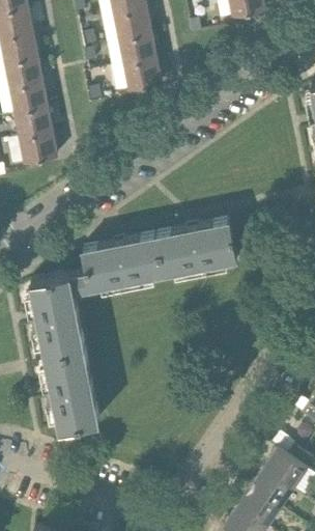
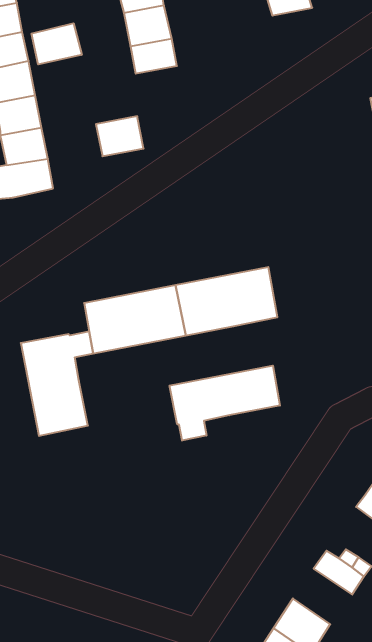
building: none -> [32,23,82,64]
building: [122,61,161,93] -> [96,116,144,156]
building: none -> [170,366,280,441]
building: [45,351,98,432] -> none
building: [249,466,296,510] -> none

